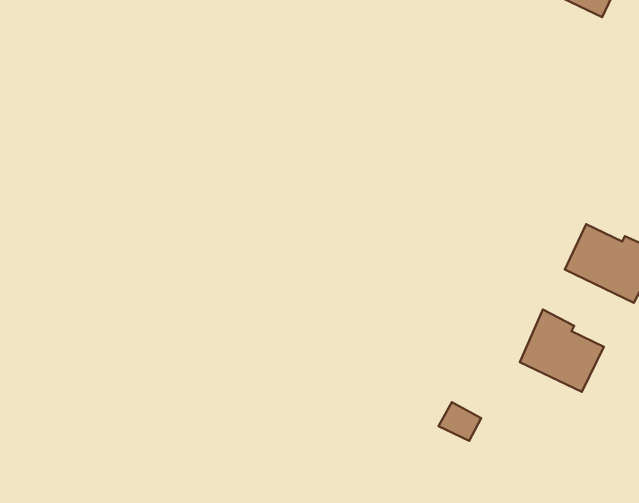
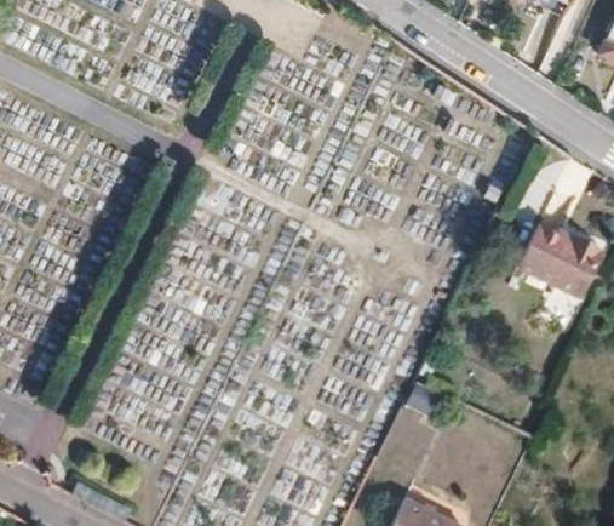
building: [520,310,604,392] -> none

